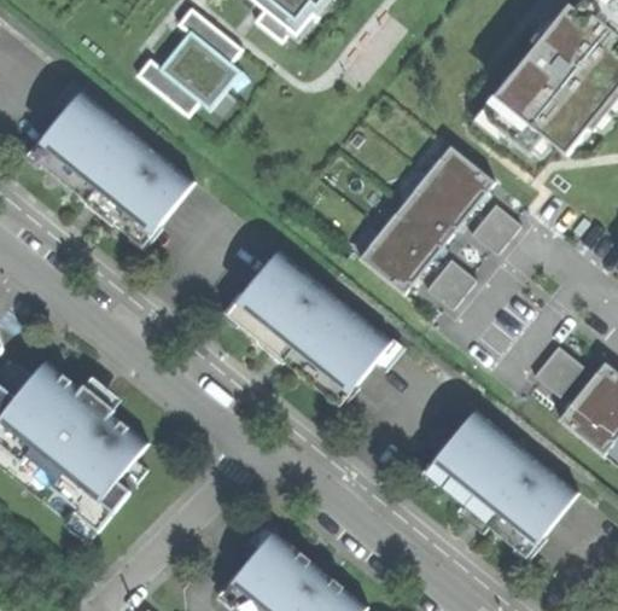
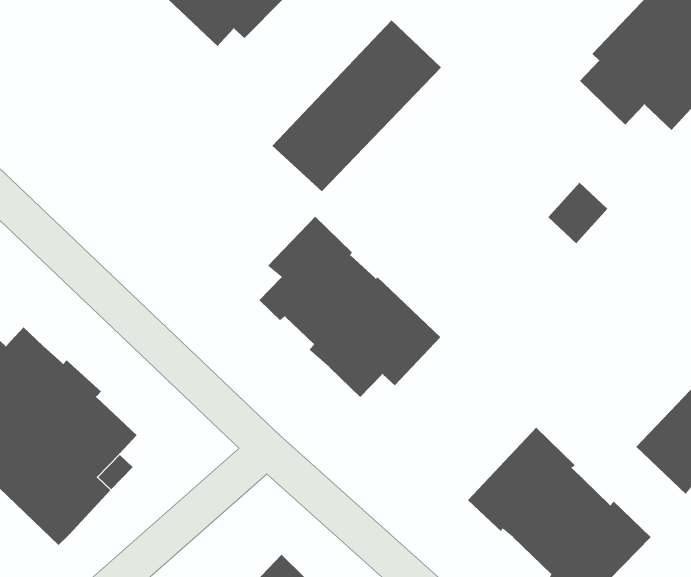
building: [40,91,194,237] -> none
building: [360,145,495,292] -> [271,19,442,192]
building: [426,258,476,309] -> none
building: [534,345,583,396] -> none

